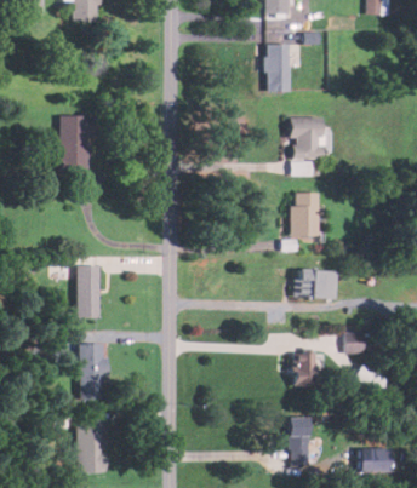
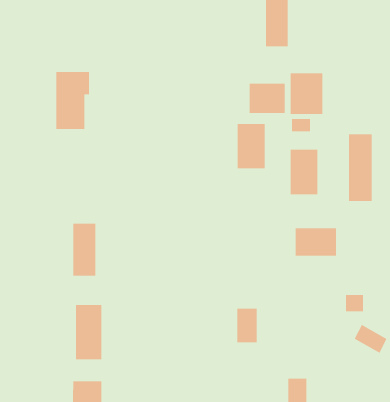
building: none -> [249,83,285,114]
building: none -> [237,123,265,169]
building: none -> [349,133,372,202]
building: [296,354,316,387] -> [236,308,257,343]

